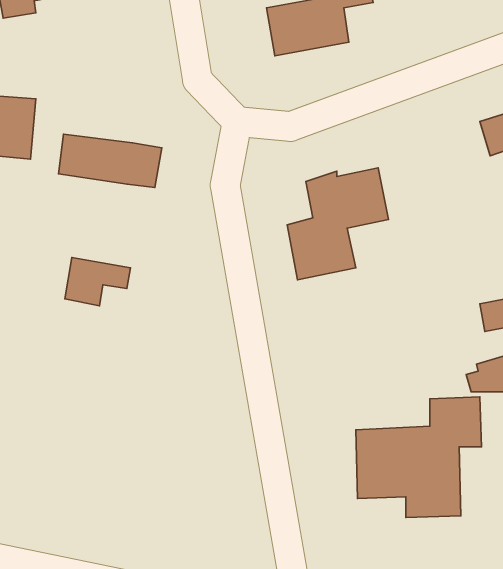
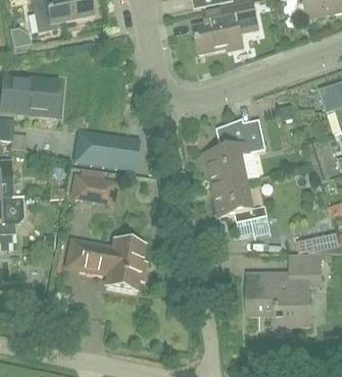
building: [58,134,162,188] -> [74,136,135,167]
building: none -> [211,178,271,234]
building: none -> [79,238,145,289]

